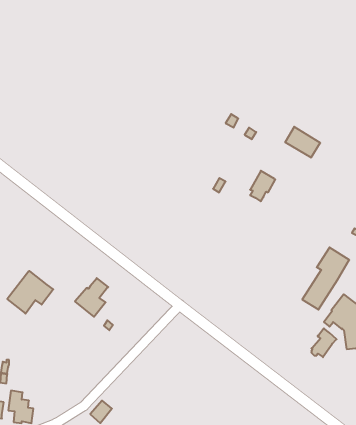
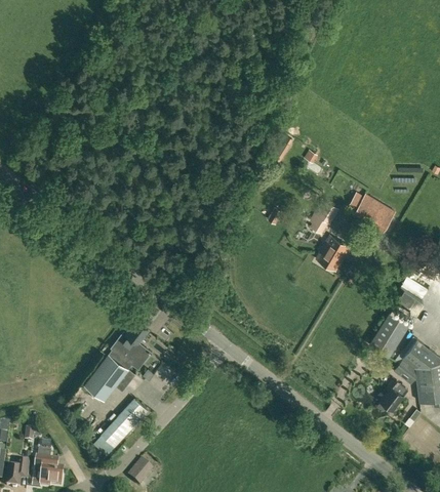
building: [285,127,320,157] -> [355,193,395,228]
building: none -> [316,235,350,270]
building: [7,271,53,314] -> [83,353,135,401]
building: none -> [102,398,148,446]

